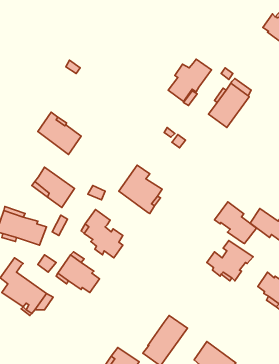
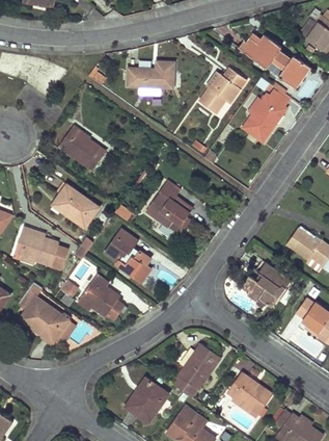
building: none -> [239,34,310,88]
building: none -> [128,61,174,95]
building: [215,202,256,244] -> none

